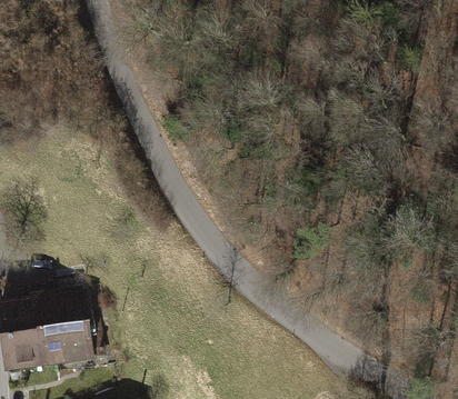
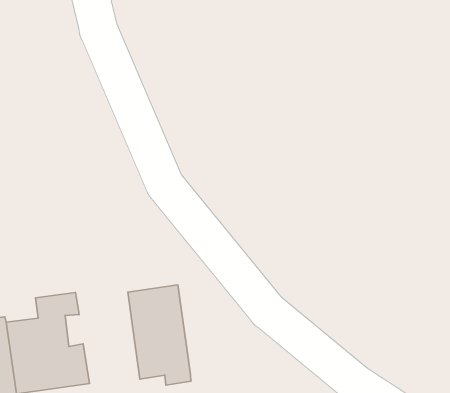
building: none -> [128,285,191,385]

